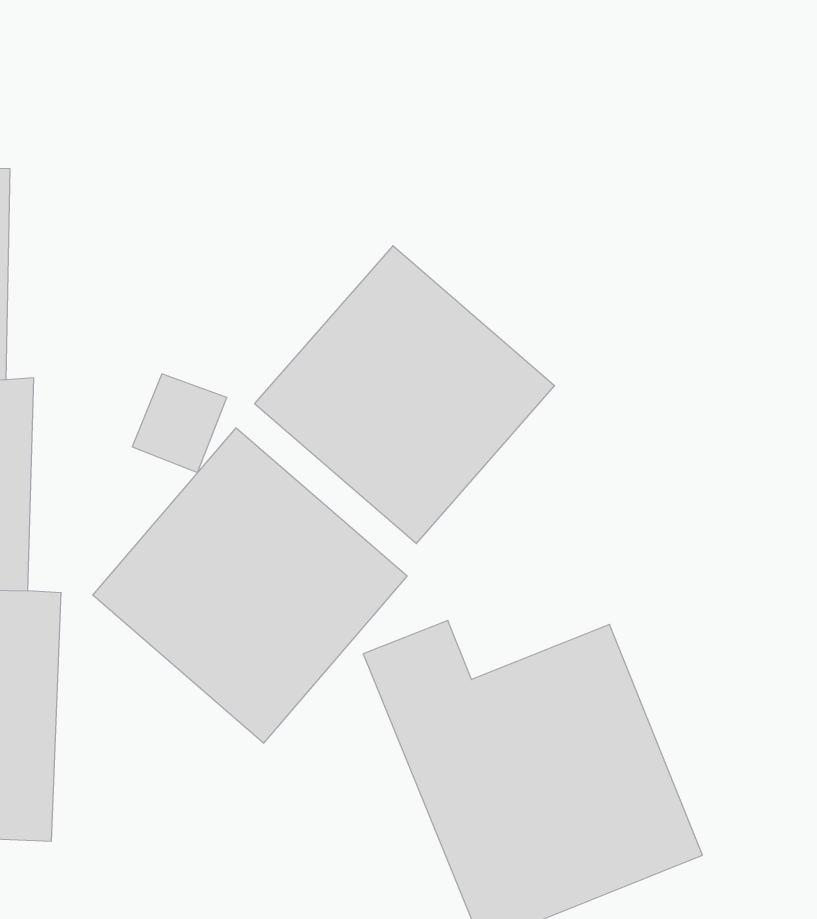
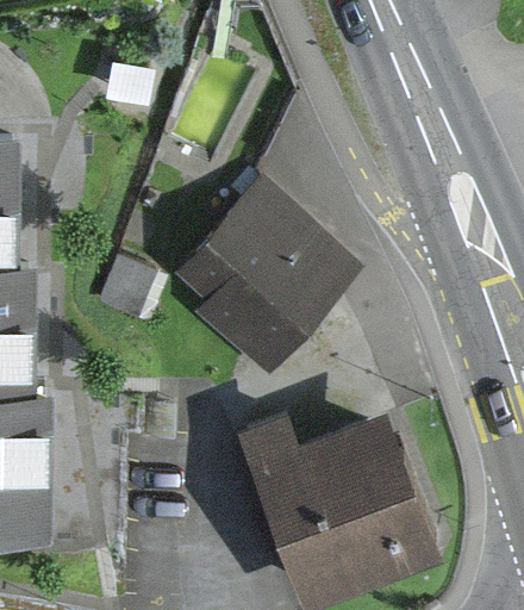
building: [93,428,407,743] -> none

